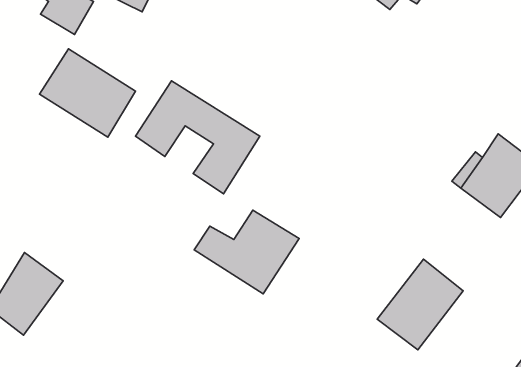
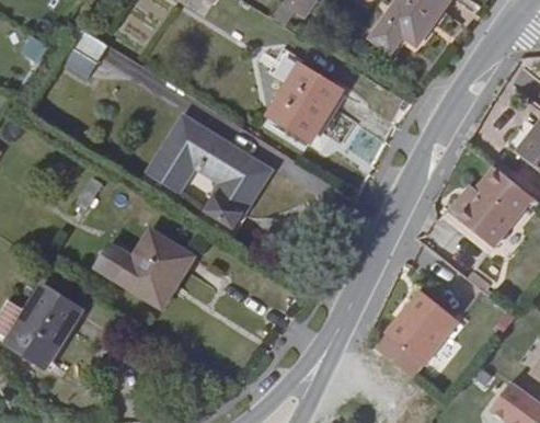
building: none -> [267,57,340,138]
building: [39,49,136,137] -> none
building: [194,210,299,294] -> [91,228,193,309]

